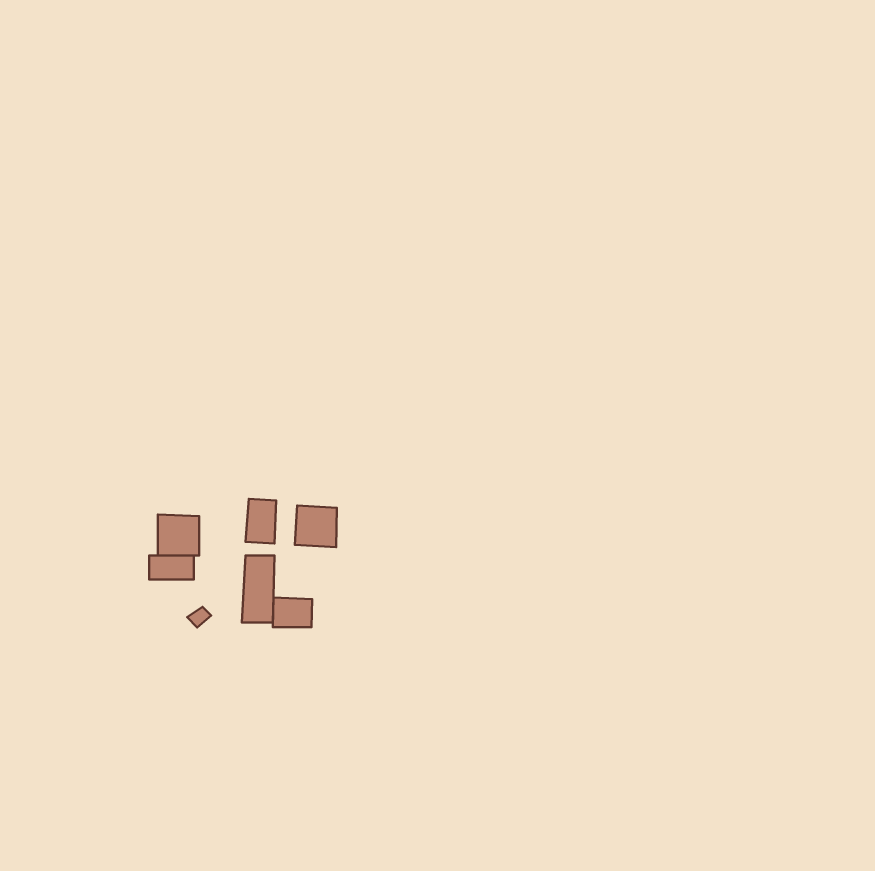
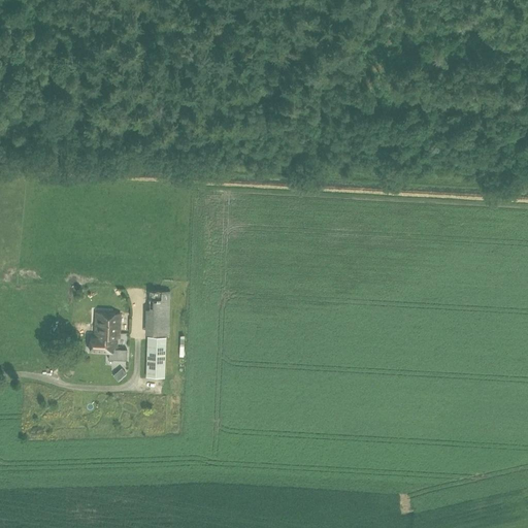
building: [295,506,337,547] -> none
building: [273,598,312,627] -> none

